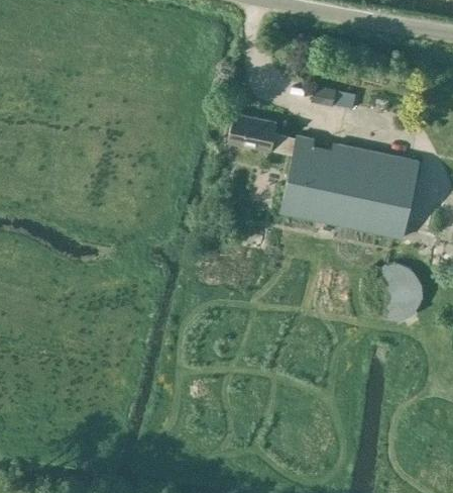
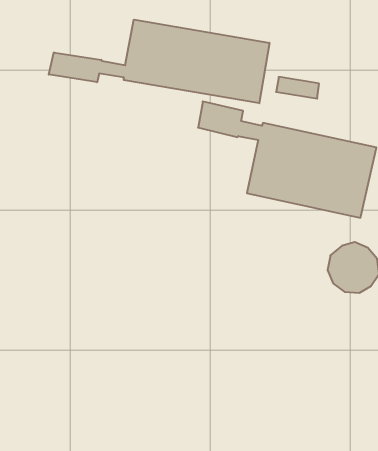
building: none -> [49,20,269,103]

